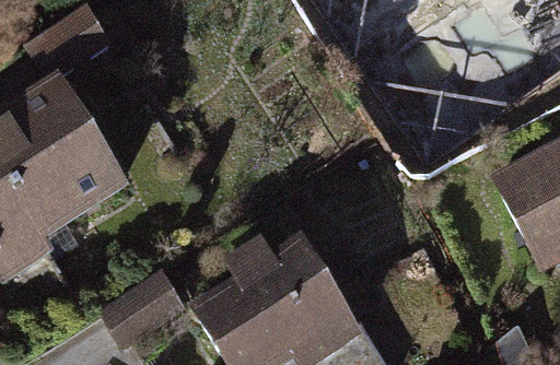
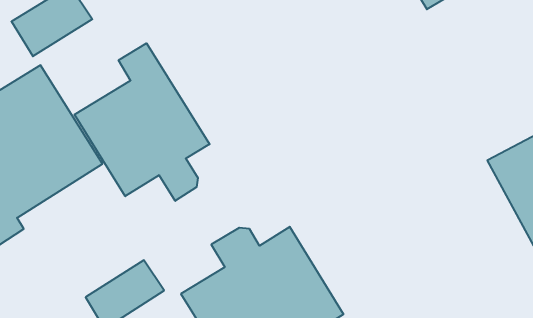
building: none -> [75,43,210,201]

